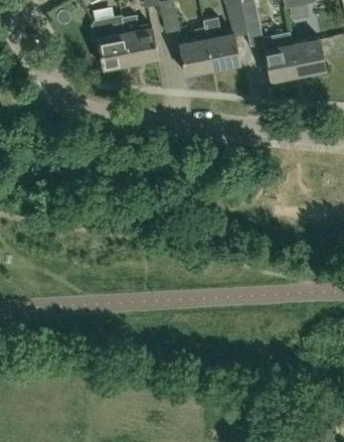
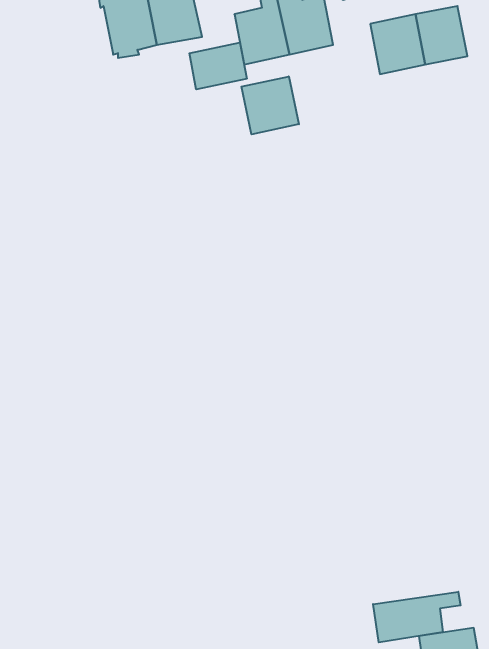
building: none -> [189,42,247,89]
building: none -> [241,76,299,134]
building: none -> [373,592,461,642]

